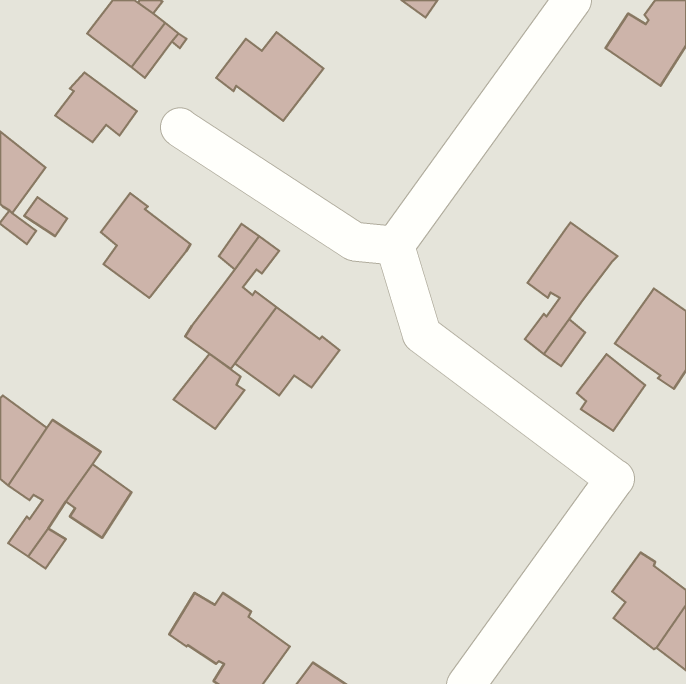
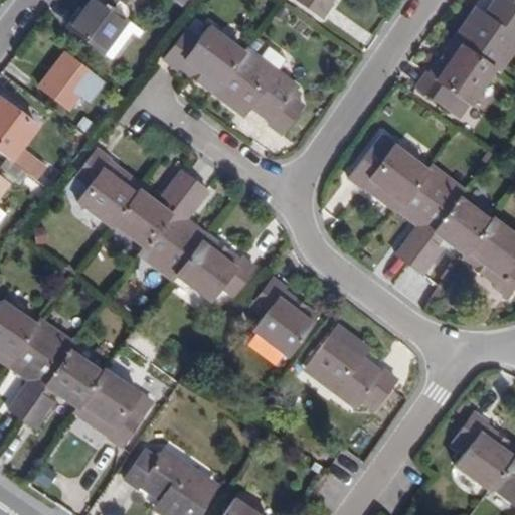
building: none -> [418,37,495,105]
building: none -> [212,52,301,134]
building: none -> [345,147,424,213]
building: [173,354,245,429] -> [113,189,166,245]
building: [577,354,645,431] -> [437,197,488,254]
building: none -> [248,283,315,359]
building: none -> [308,325,396,408]
building: none -> [73,367,139,446]

